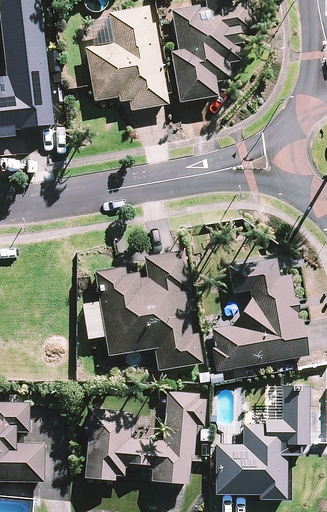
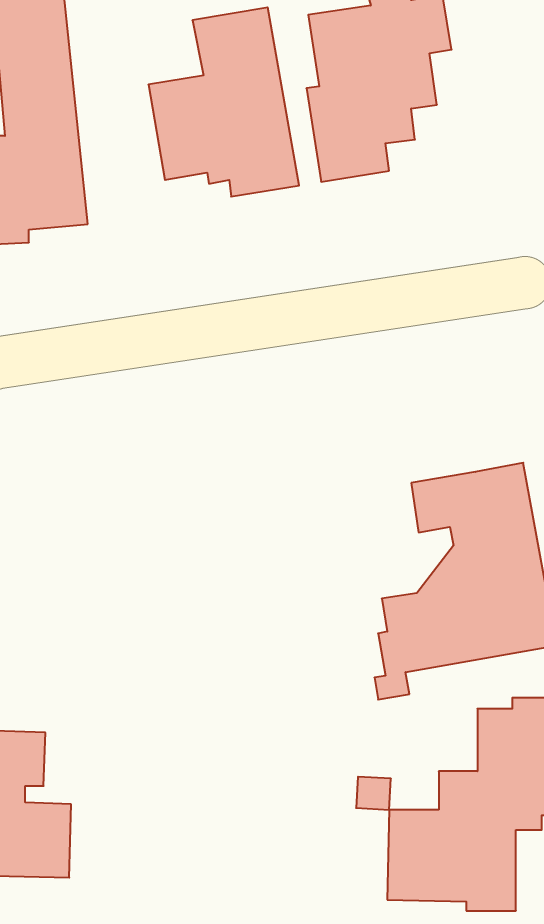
building: [82,252,199,370] -> none
building: [85,392,206,482] -> none

